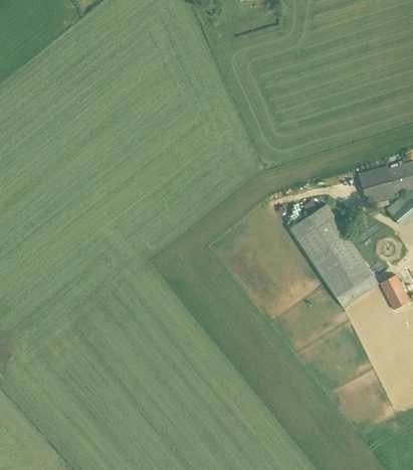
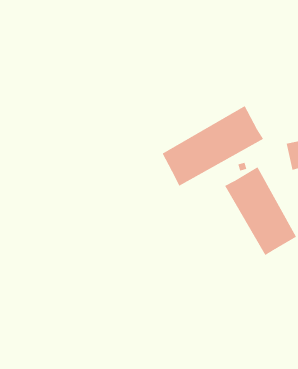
building: none -> [162,105,264,186]

